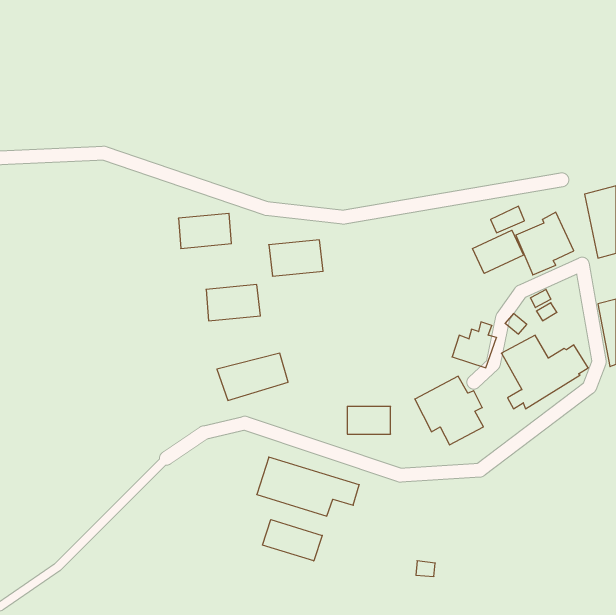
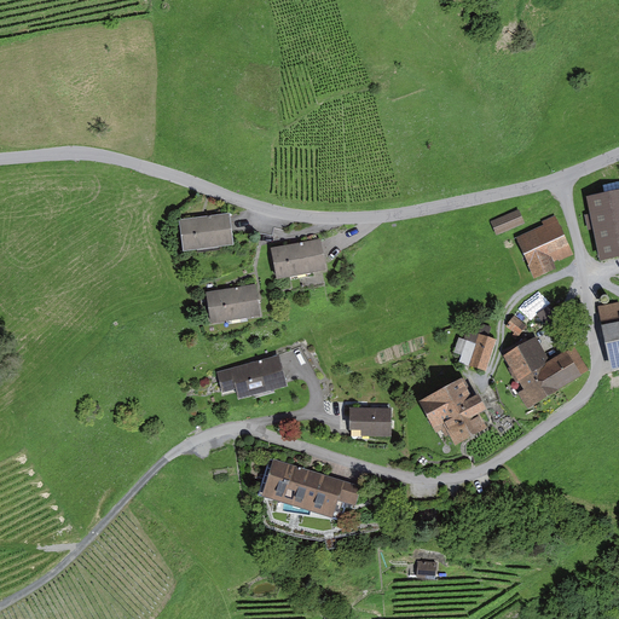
building: [473,230,524,273] -> none
building: [262,520,322,561] -> none

